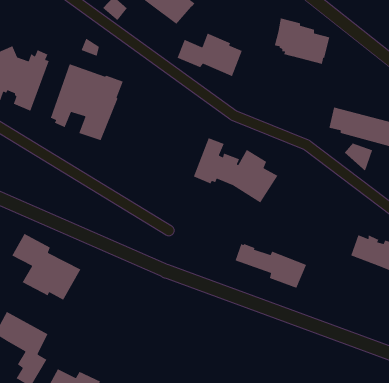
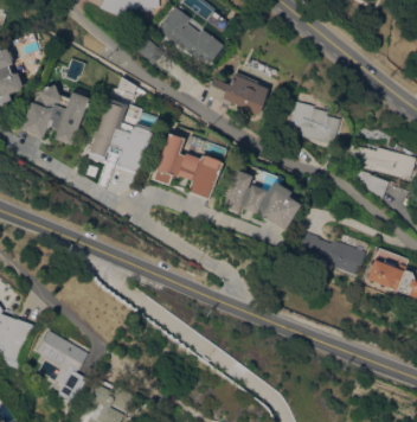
building: [274,18,330,65] -> [288,101,340,145]
building: none -> [153,133,227,200]
building: [11,233,82,301] -> none
building: [234,243,307,289] -> [299,232,366,275]

